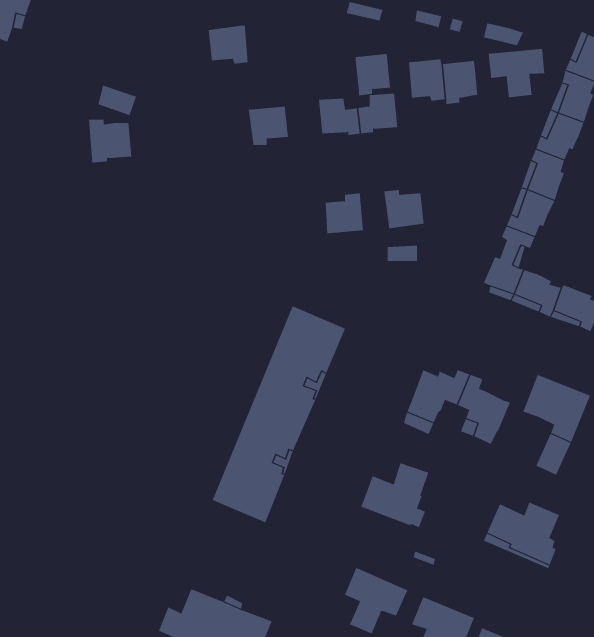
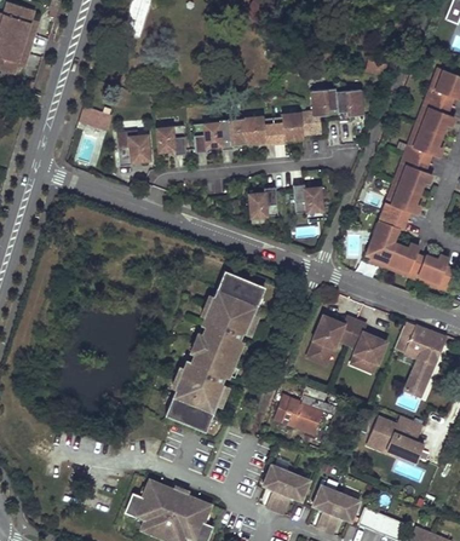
building: [208,25,249,64] -> [155,125,185,154]
building: [488,48,545,98] -> none
building: [355,53,391,96] -> [219,117,246,149]
building: [88,119,132,163] -> [116,132,149,165]

